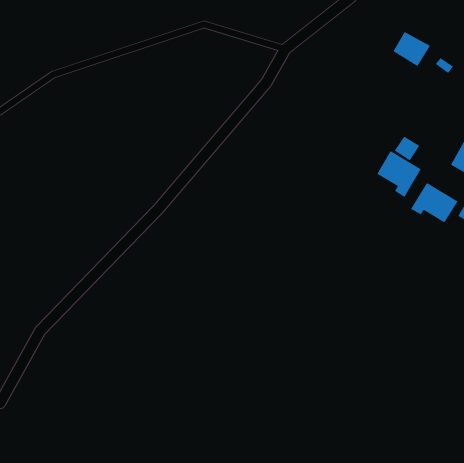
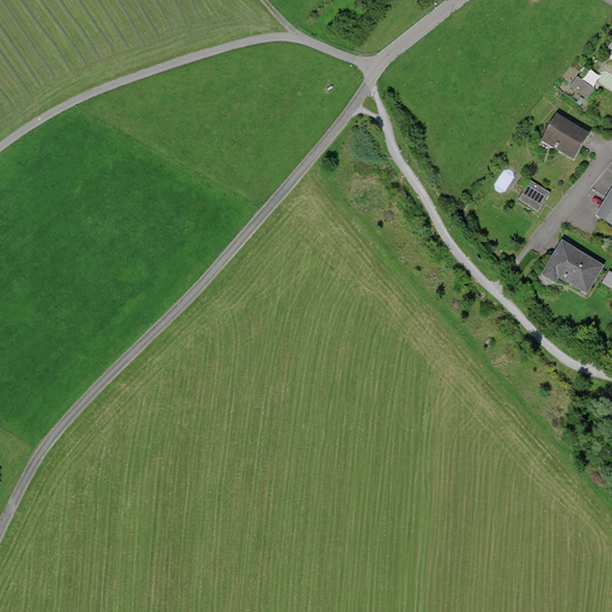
building: [392,31,431,67] -> [539,112,589,159]
building: [377,150,421,198] -> none

